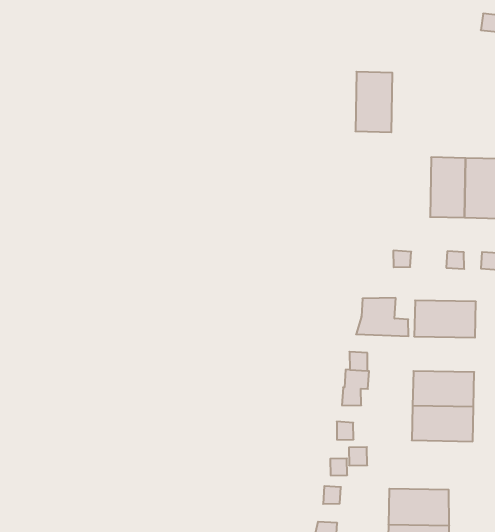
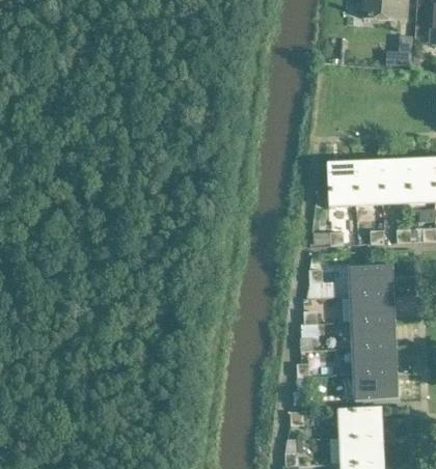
building: [355,72,392,132] -> [326,160,355,205]
building: none -> [349,293,396,321]
building: none -> [352,370,399,399]

